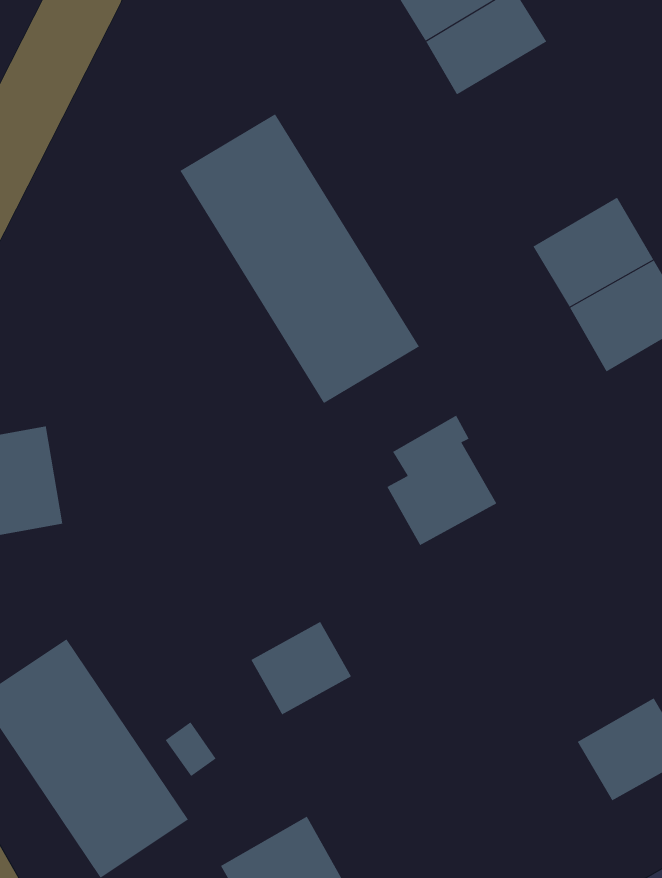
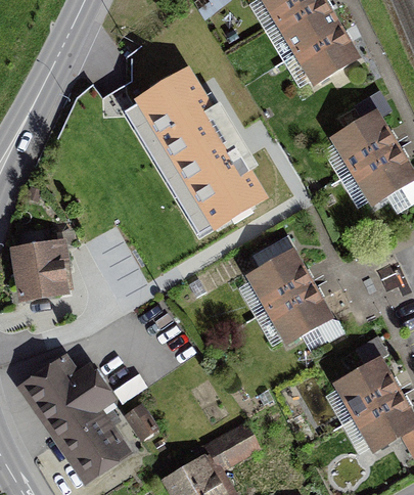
building: none -> [286,26,357,89]
building: none -> [266,281,342,340]
building: none -> [334,332,396,413]
building: [250,621,352,715] -> [206,421,263,474]

